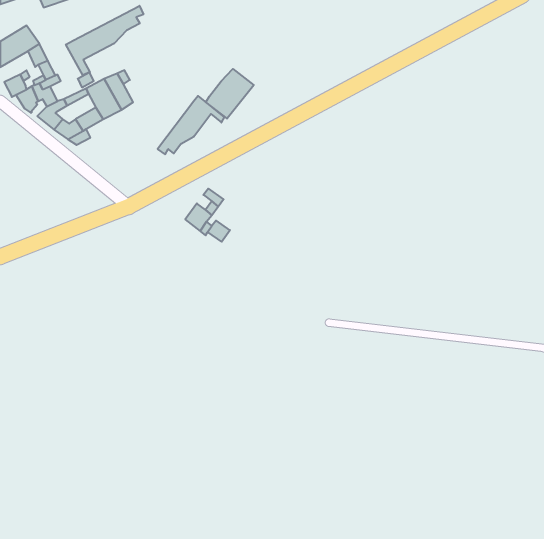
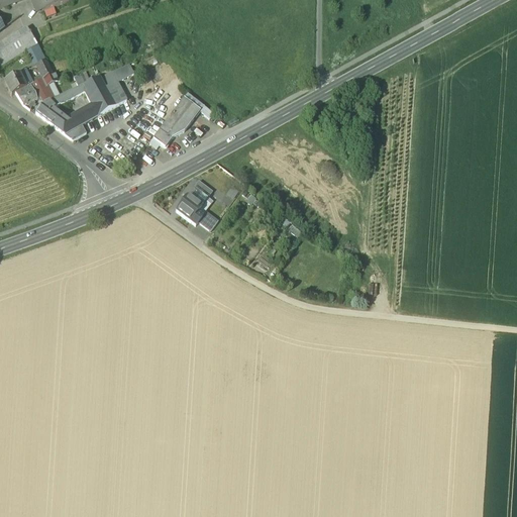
building: [66,6,143,75] -> none
building: [206,69,254,119] -> none

